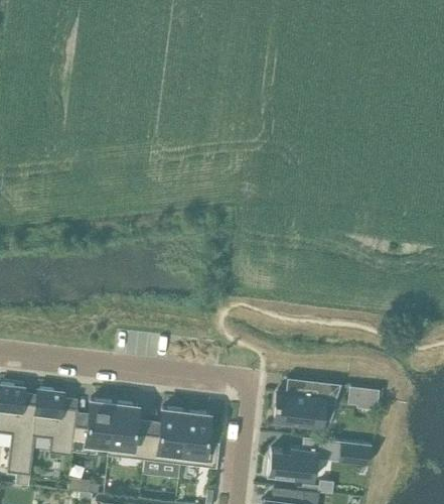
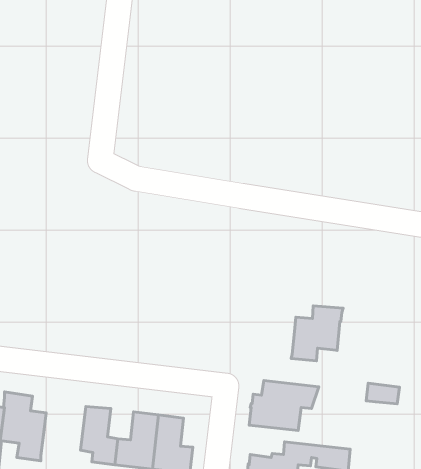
building: none -> [291,306,343,361]
building: [347,386,380,406] -> [366,383,399,404]
building: [71,400,114,454] -> none

